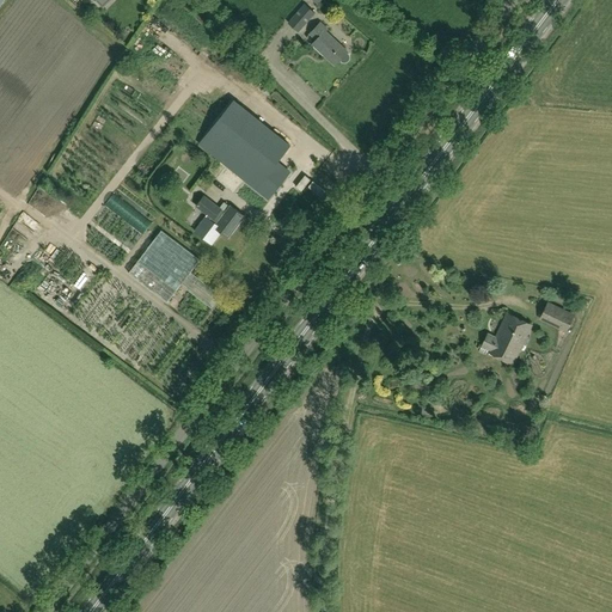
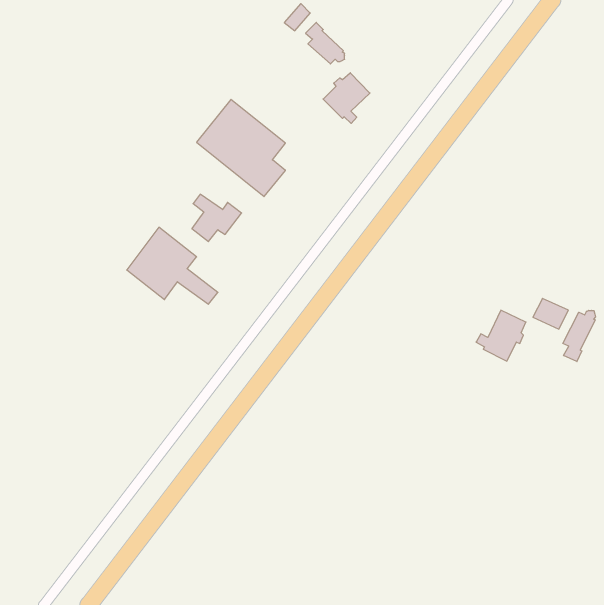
building: none -> [323,73,370,123]
building: none -> [563,310,596,362]

